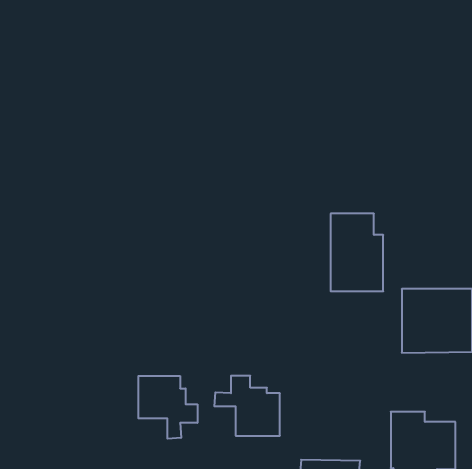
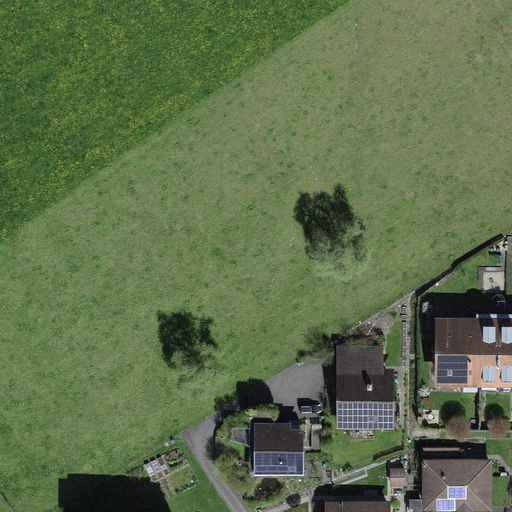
building: [331,214,383,291] -> [337,346,394,430]
building: [138,376,197,439] -> none

